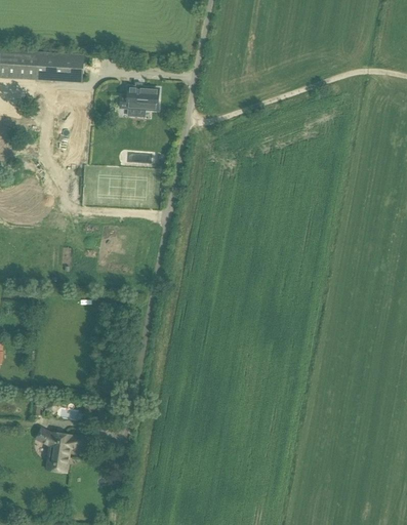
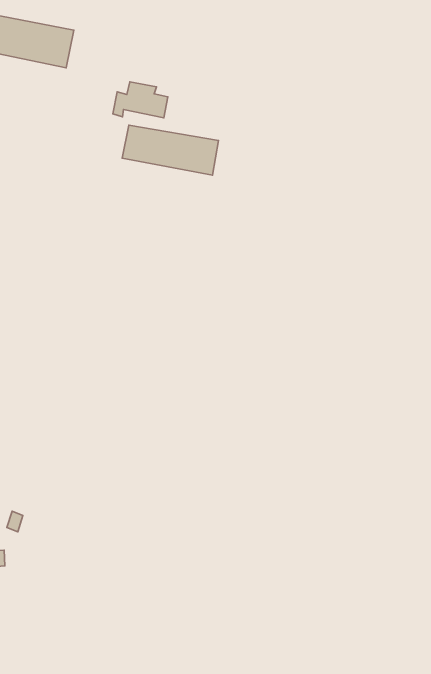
building: none -> [122,125,219,175]

